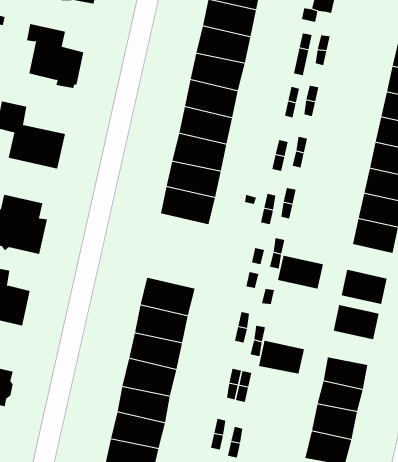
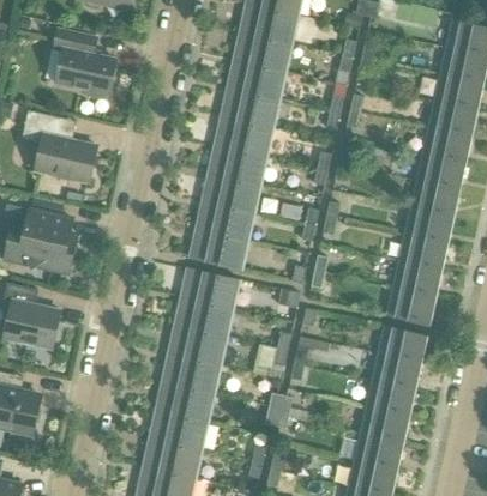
building: none -> [190,230,247,271]
building: none -> [181,268,239,309]
building: [277,255,324,289] -> [392,262,441,298]
building: [258,340,305,374] -> [372,353,421,389]

